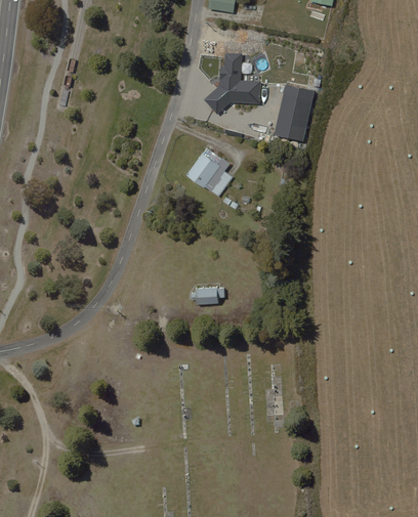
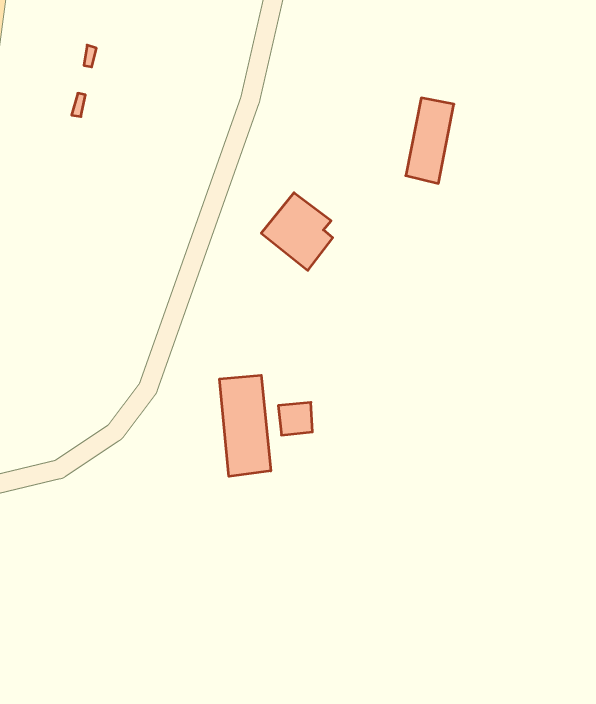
building: [205,48,257,111] -> none
building: none -> [220,375,271,476]

